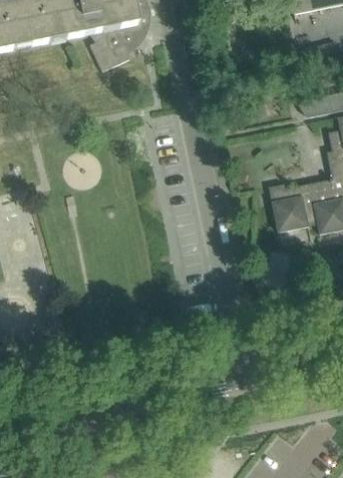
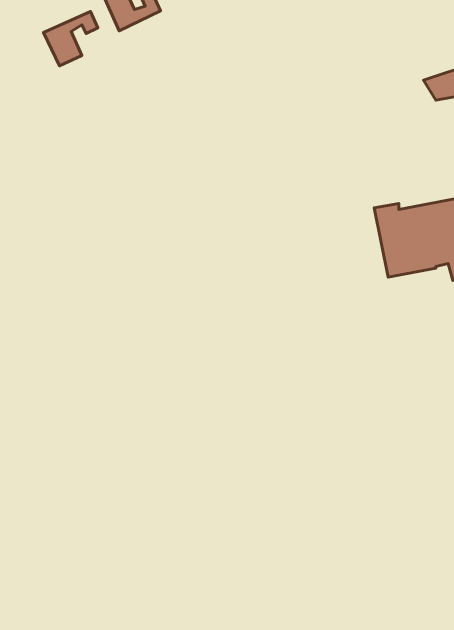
building: none -> [43,11,98,66]

